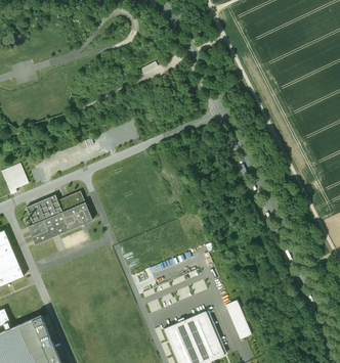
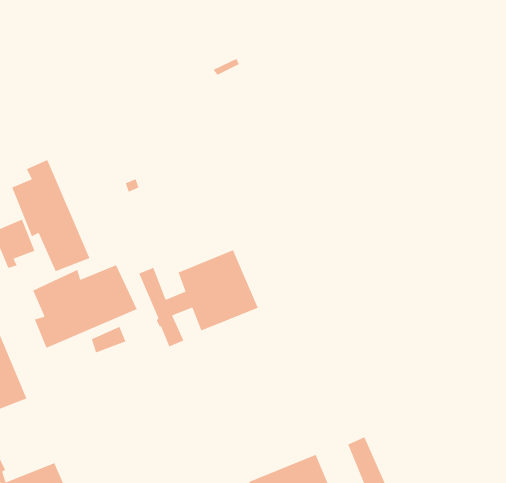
building: none -> [11,160,91,272]
building: none -> [138,249,259,347]

